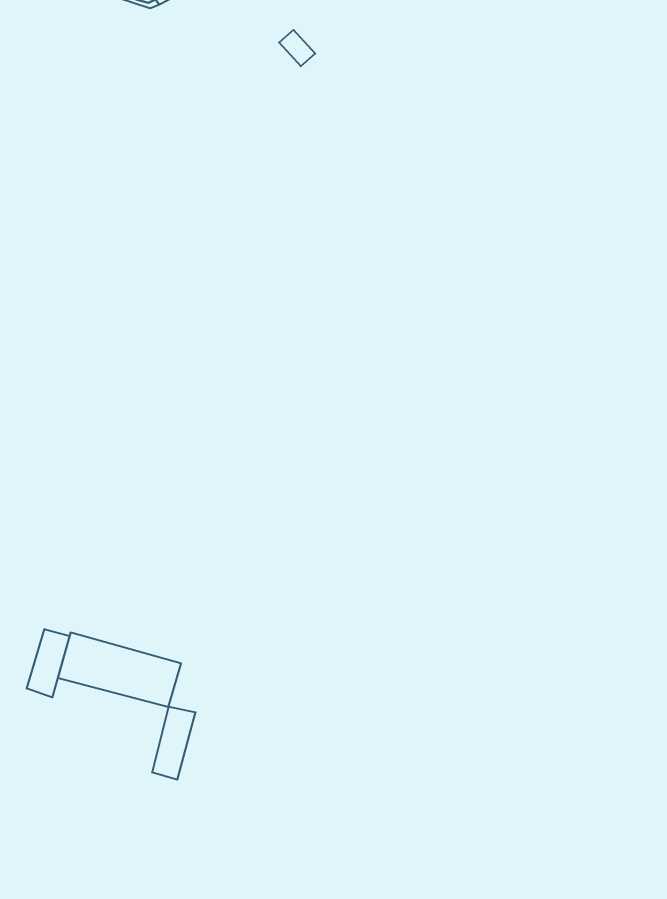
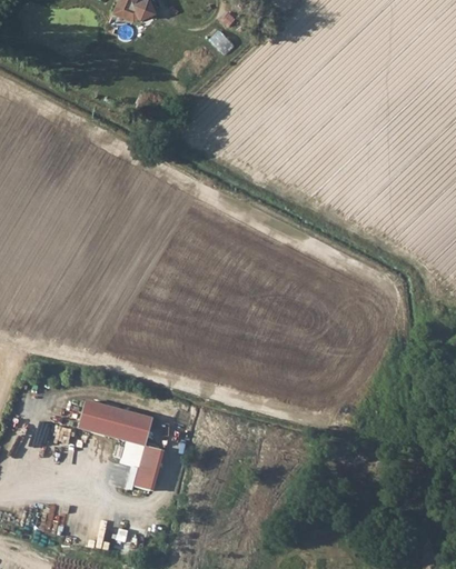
building: [27,629,69,697] -> none

